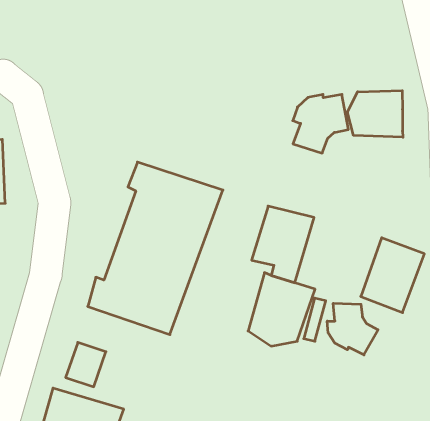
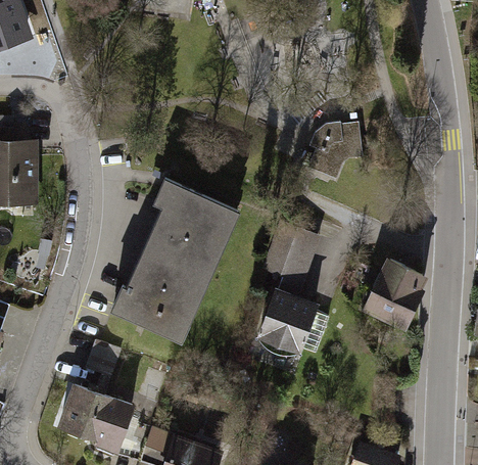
building: [347,91,403,137] -> none
building: [327,303,378,355] -> none

